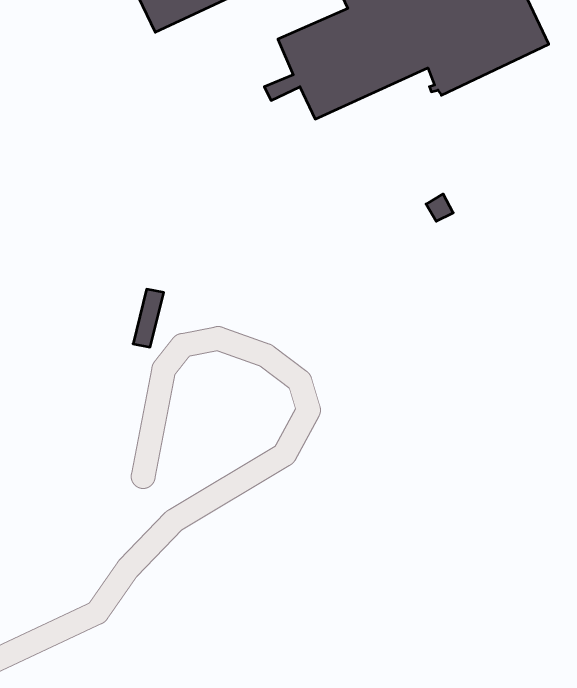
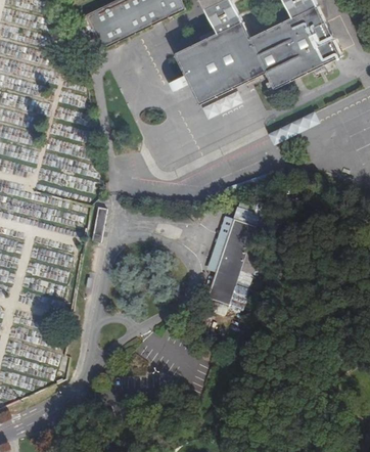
building: none -> [207,208,266,309]

